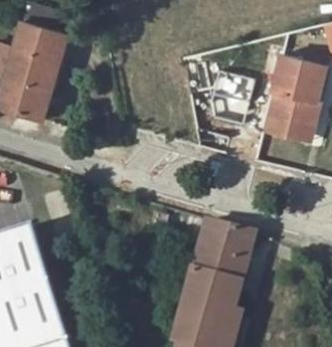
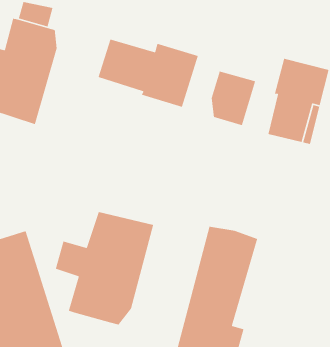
building: none -> [97,38,199,108]
building: none -> [55,211,154,325]

